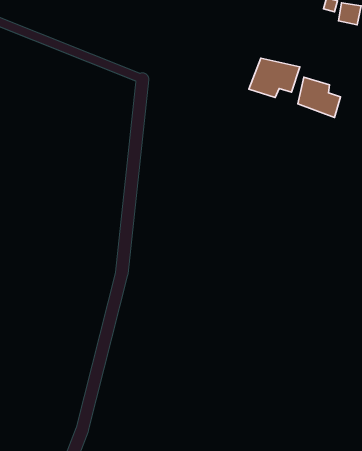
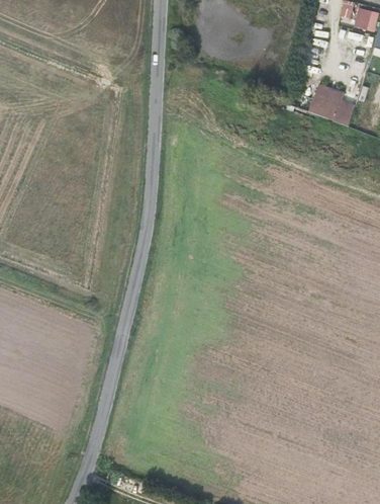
building: [249,58,300,97] -> none

